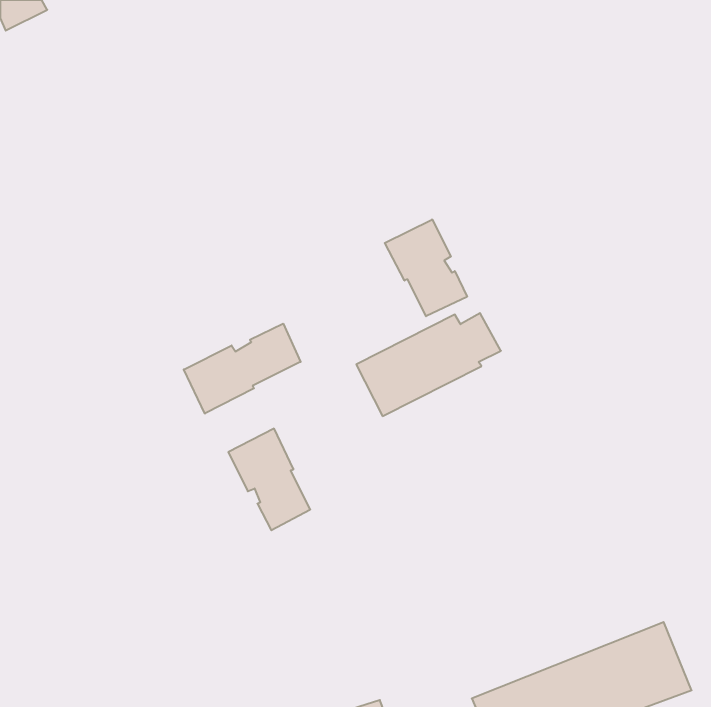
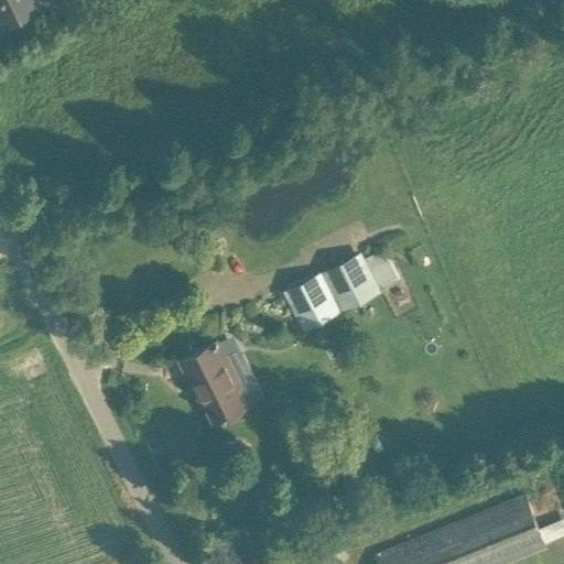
building: [385,219,467,316] -> none
building: [184,324,301,414] -> none

